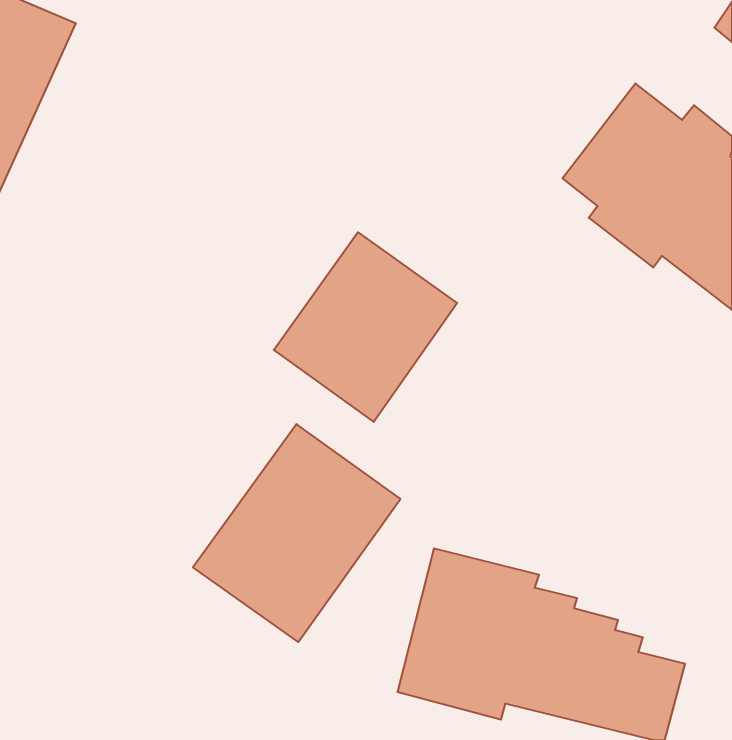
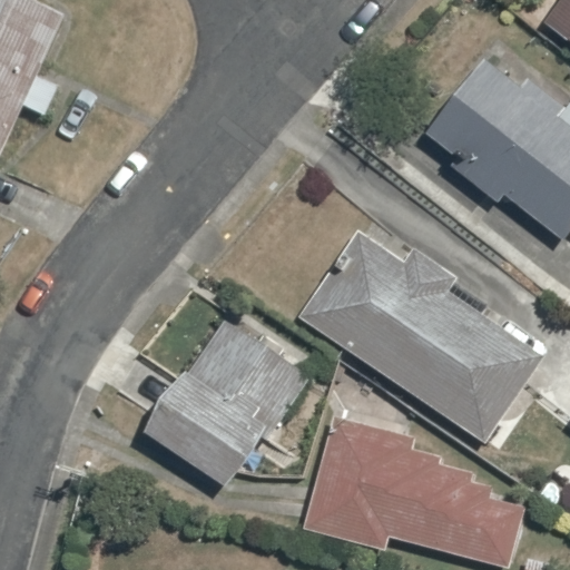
building: [274,232,457,422] -> none
building: none -> [298,232,541,442]

